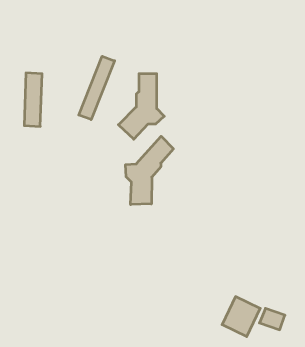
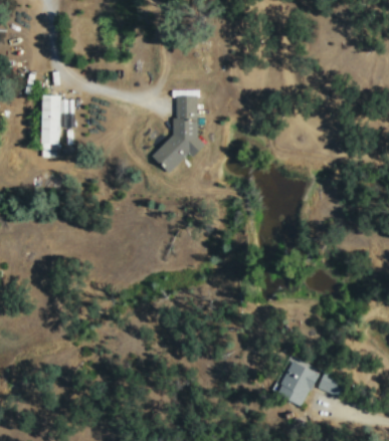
building: [79,56,115,120] -> none
building: [126,136,173,205] -> none

